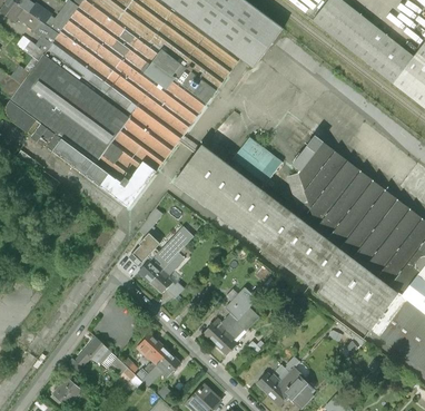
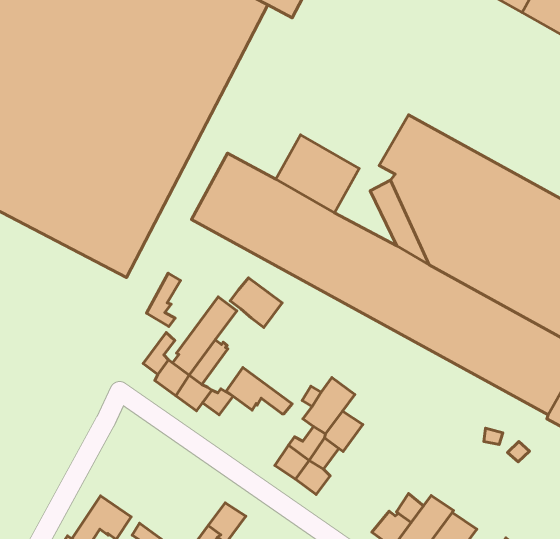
building: none -> [230,278,282,327]
building: none -> [226,367,292,414]
building: [136,333,169,364] -> none

